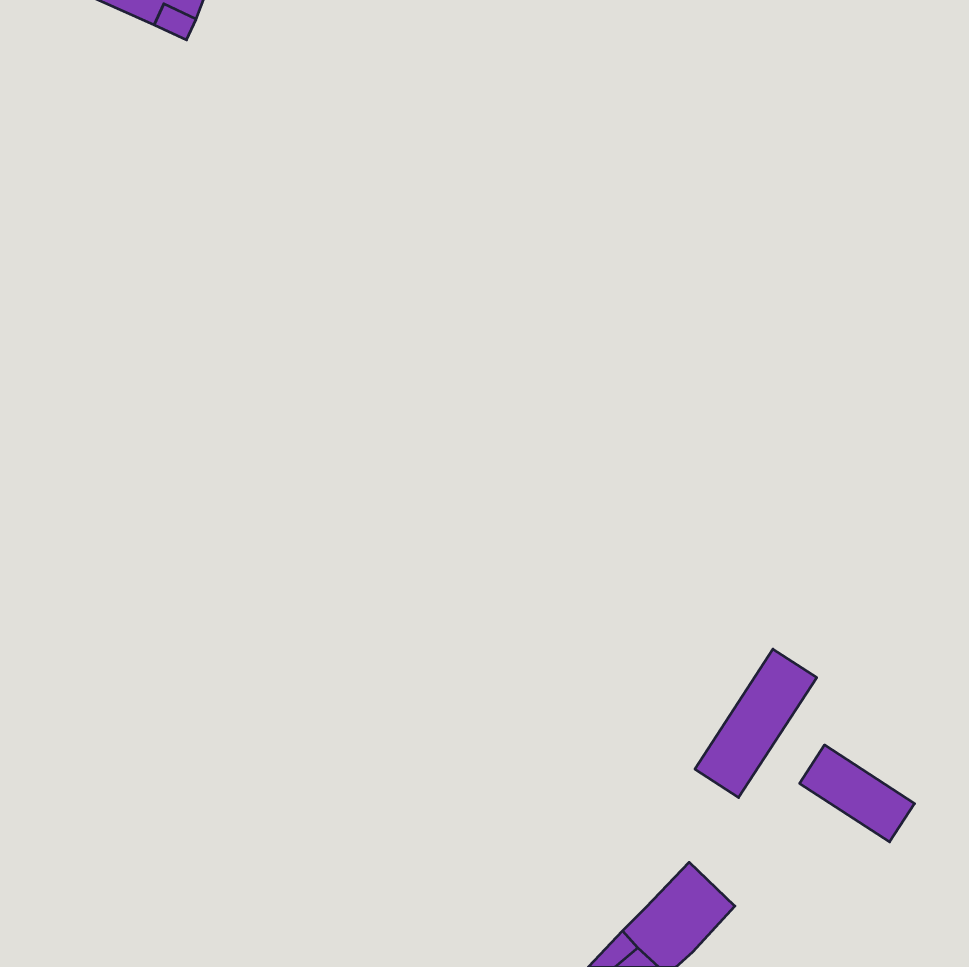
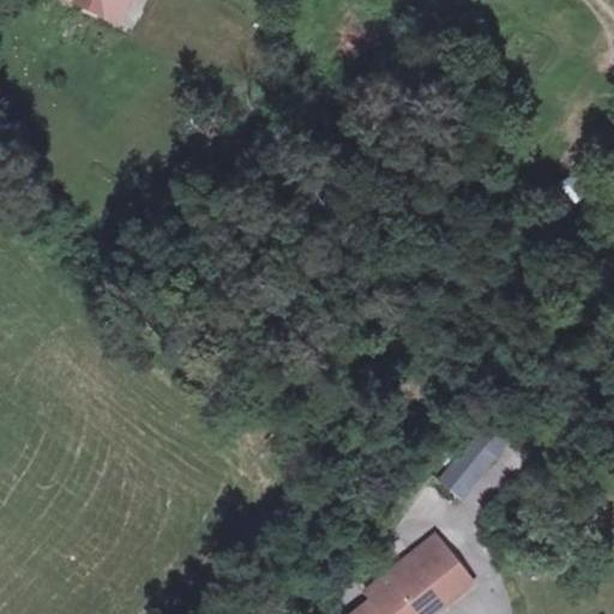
building: [800,745,915,842] -> none

